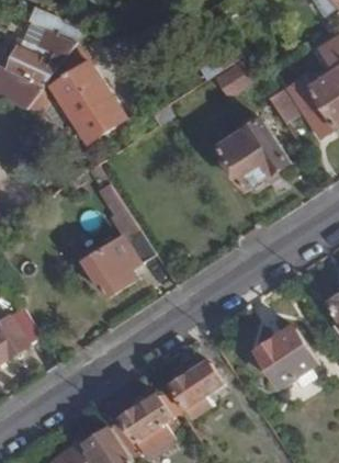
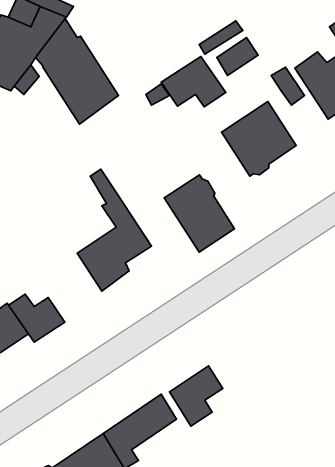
building: none -> [161,56,226,107]
building: none -> [164,175,234,252]
building: none -> [9,294,65,342]
building: [256,329,317,388] -> none

